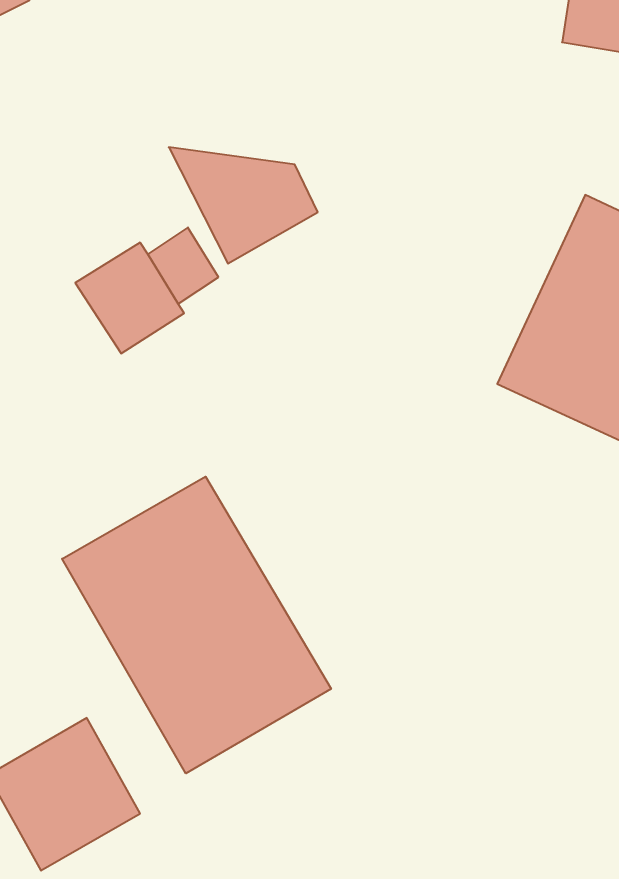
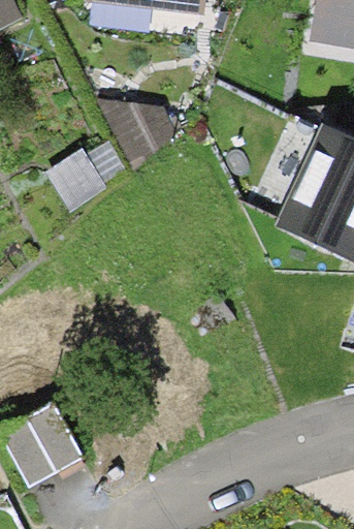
building: [62,477,331,773] -> none

